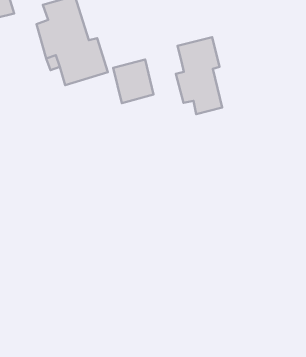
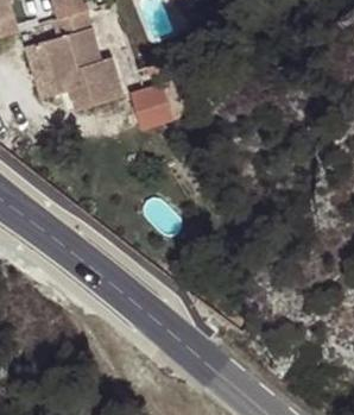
building: [176,37,222,114] -> none

